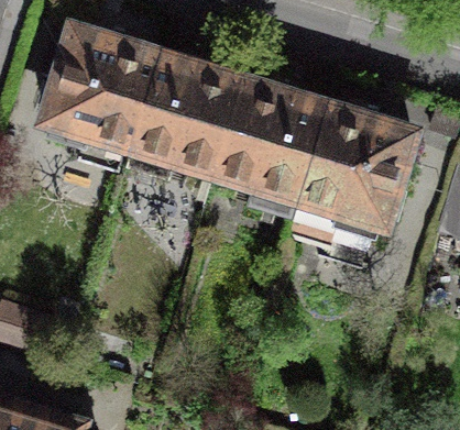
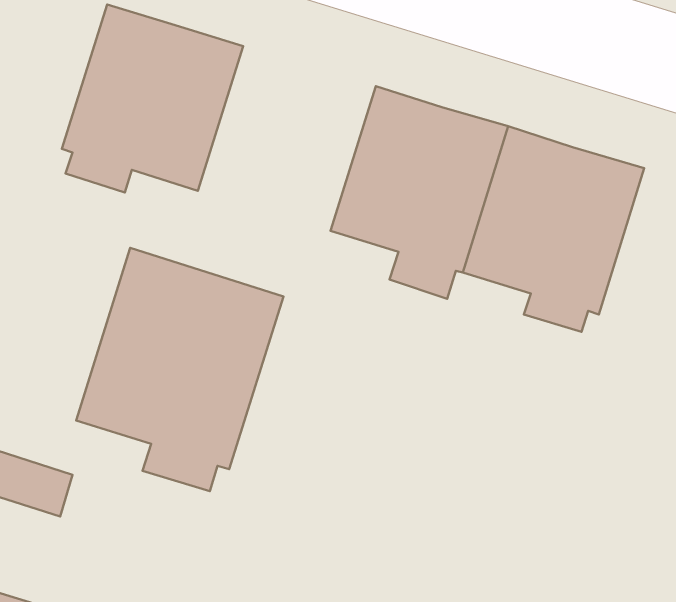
building: [131,53,244,174] -> none
building: none -> [76,248,283,491]

